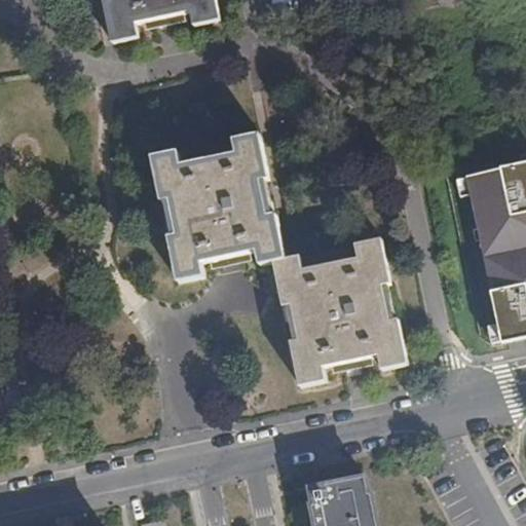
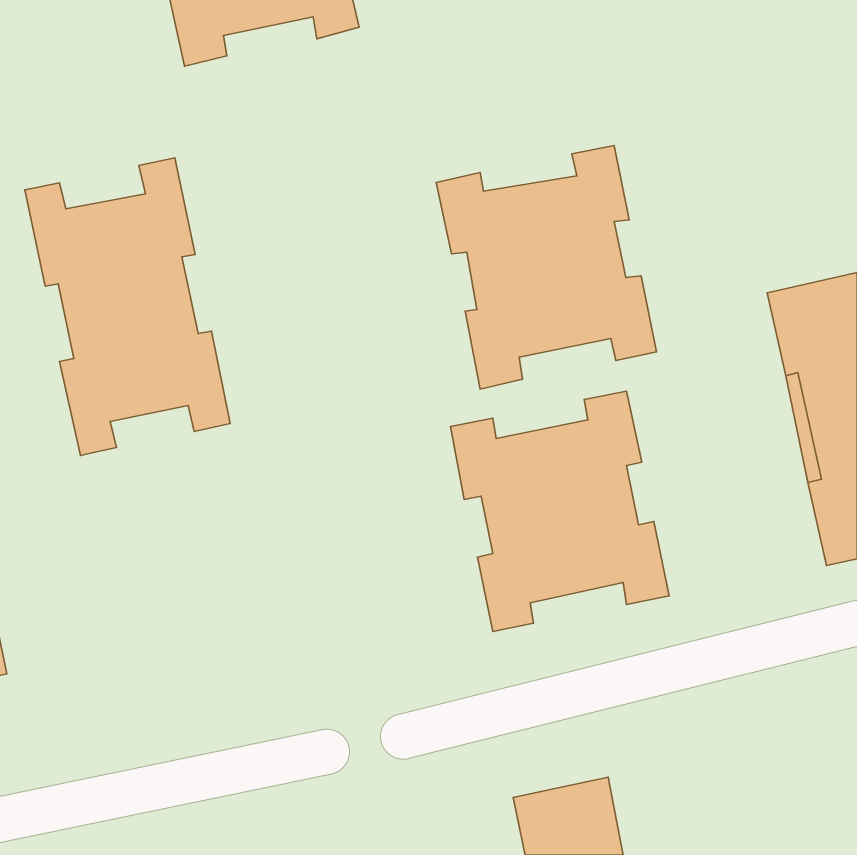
building: none -> [25,158,230,455]
building: [150,132,284,279] -> [436,145,656,389]

